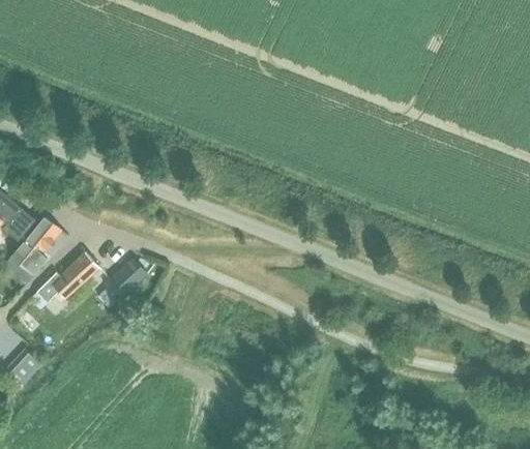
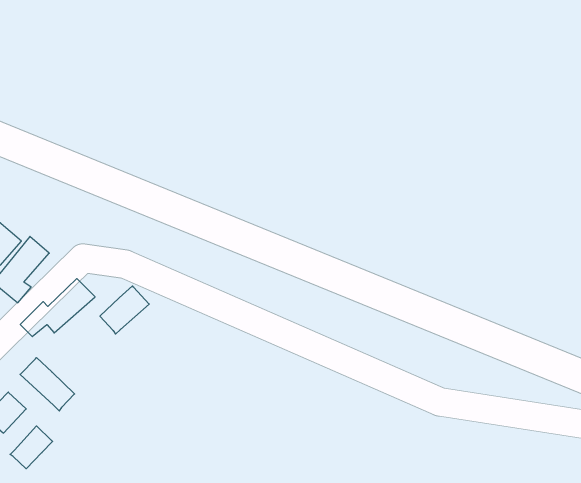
building: none -> [20,358,75,411]
building: none -> [10,426,53,469]

